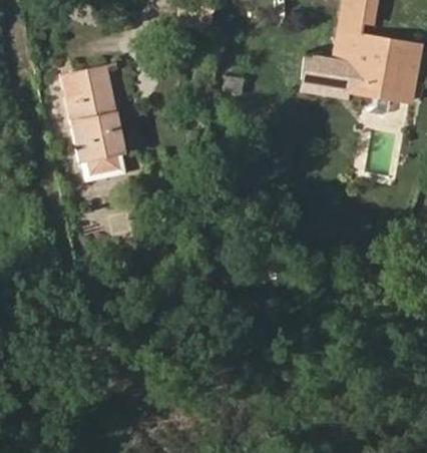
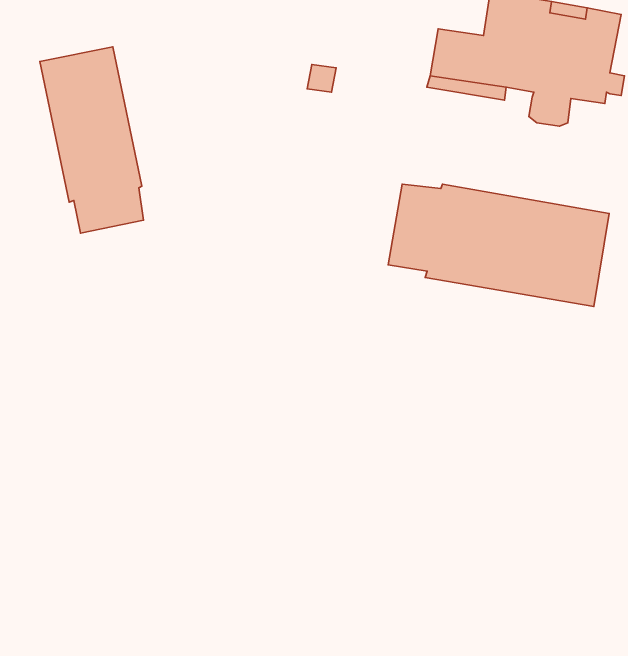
building: none -> [388,184,609,307]

